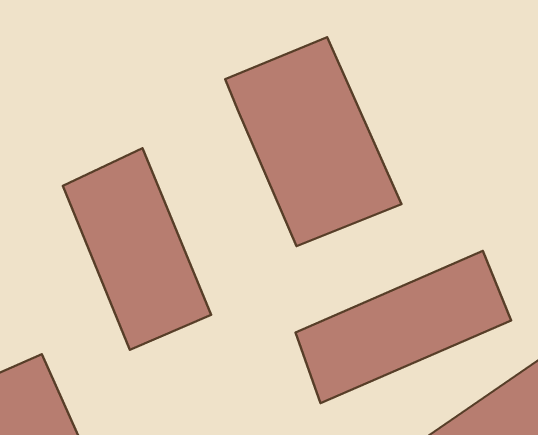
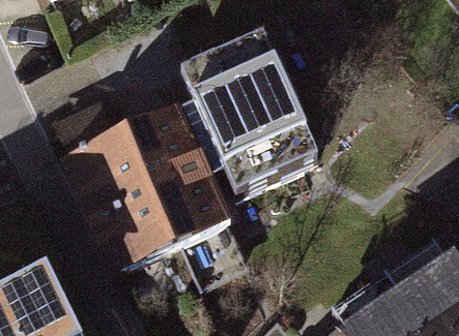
building: none -> [124,91,248,242]
building: [296,251,511,403] -> none

